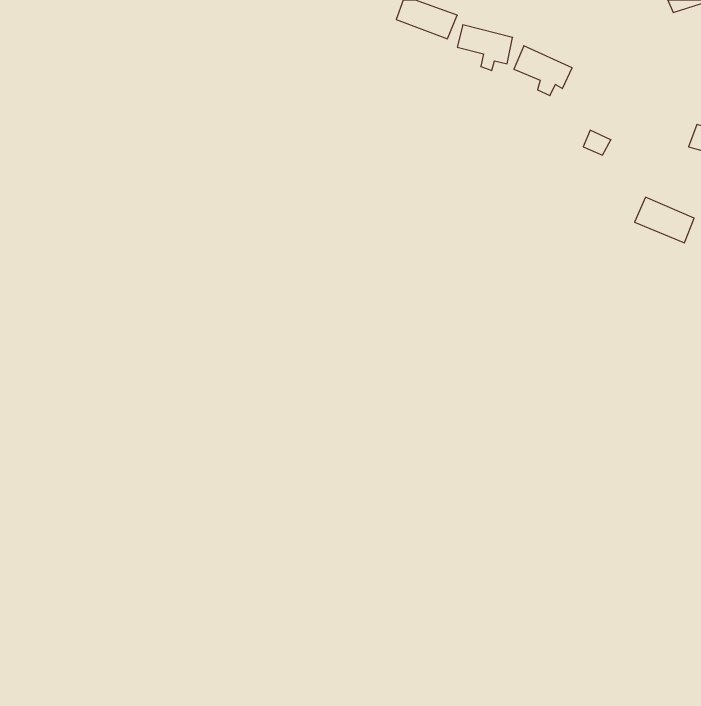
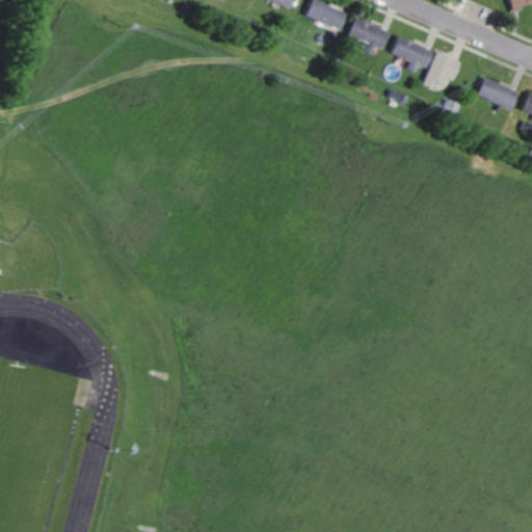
building: none -> [424,53,462,89]
building: [635,197,694,243] -> [476,77,521,111]

